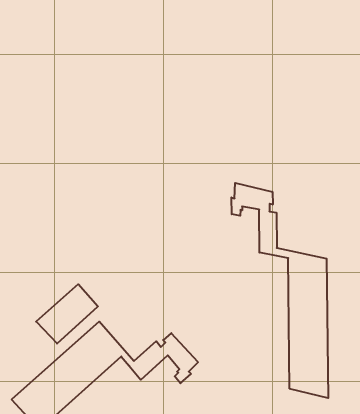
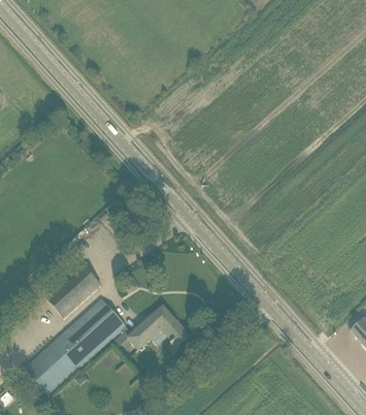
building: [231,183,328,398] -> none

